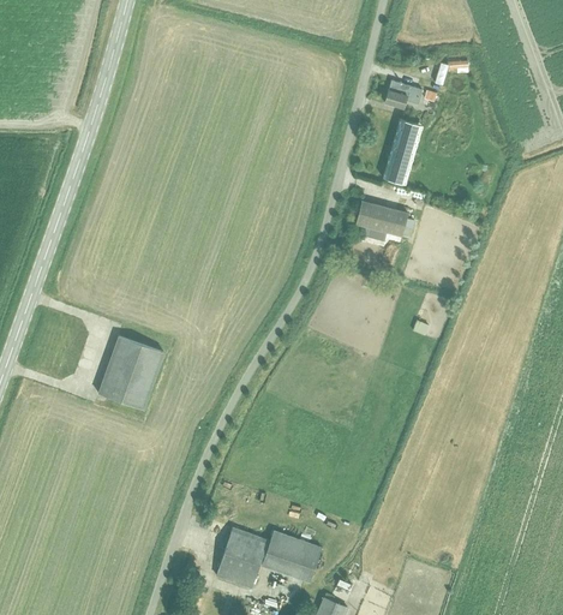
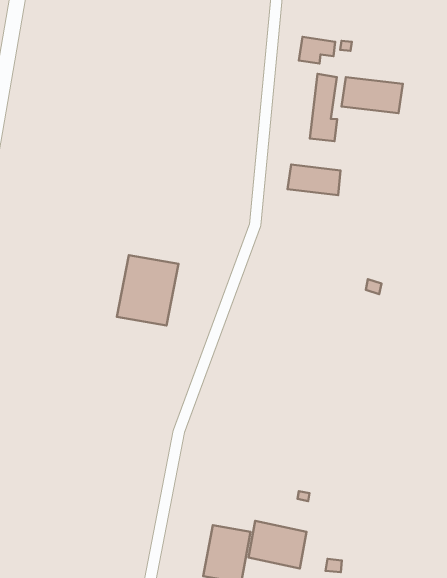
building: none -> [342,77,403,113]
building: [98,336,164,408] -> [117,255,178,325]

